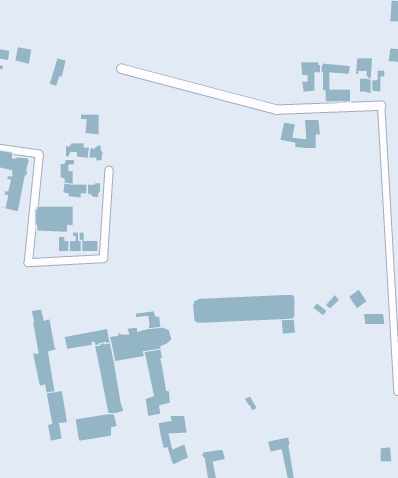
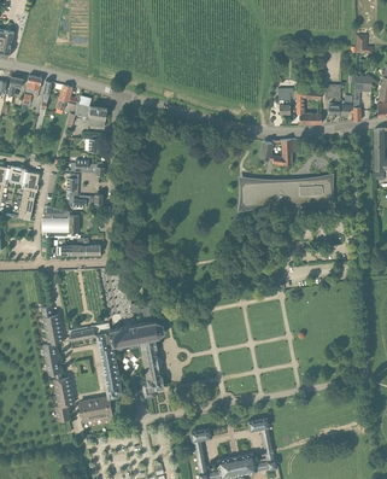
building: none -> [74,95,106,127]
building: [192,294,295,323] -> [240,180,330,205]
building: [158,415,188,465] -> none

